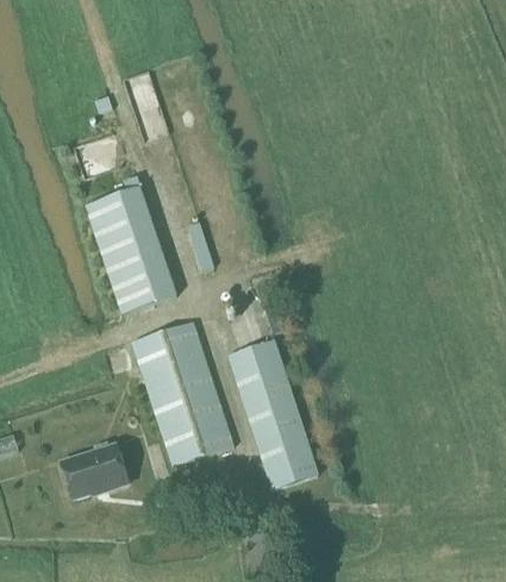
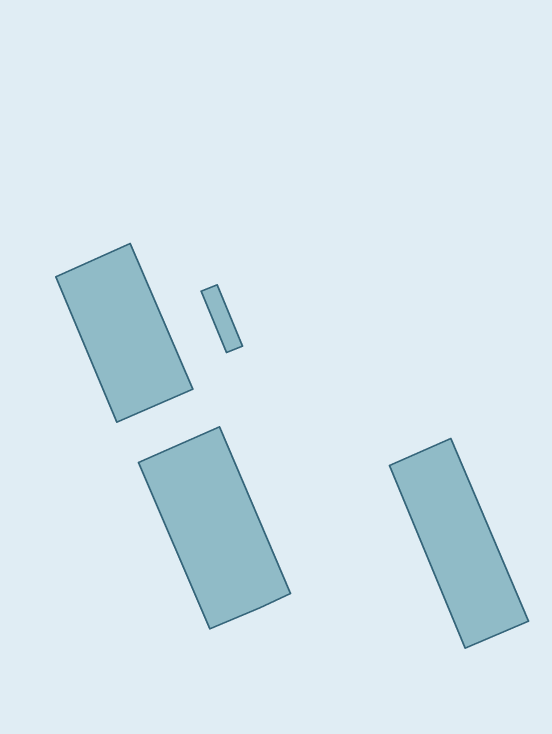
building: [229,339,318,489] -> [389,438,528,648]
building: [61,443,127,499] -> none

